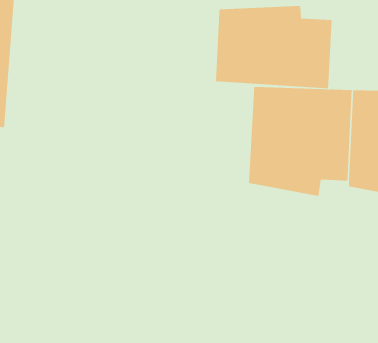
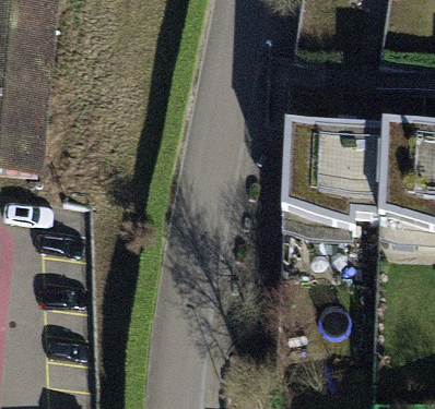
building: [215,5,332,89] -> none

